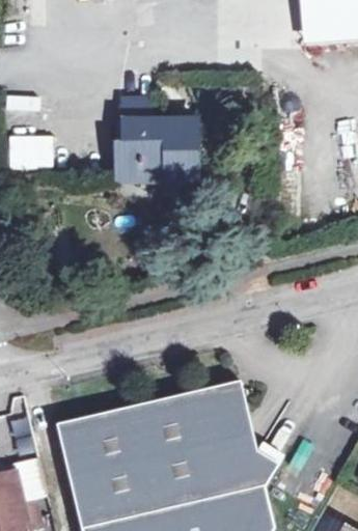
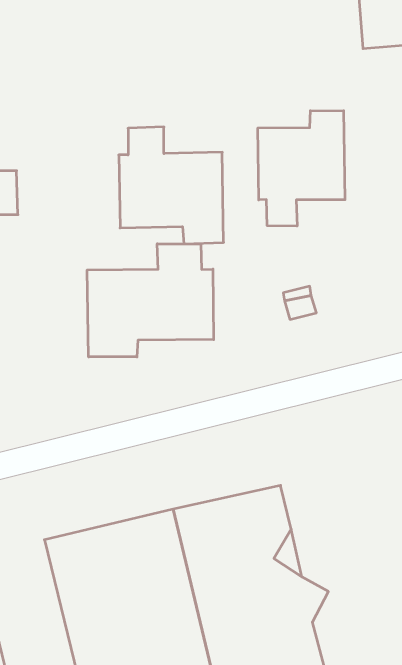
building: none -> [258,111,345,226]
building: none -> [87,244,214,357]

